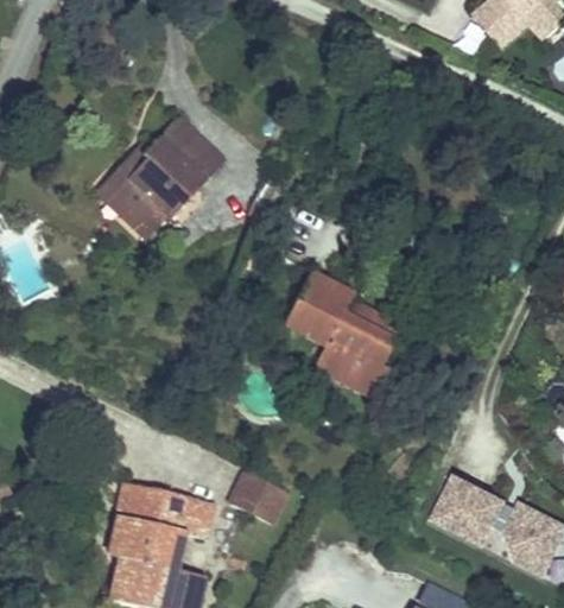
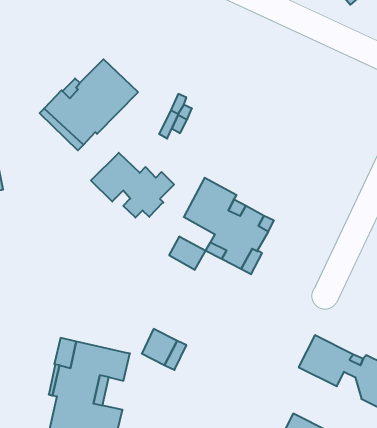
building: none -> [91,153,174,218]
building: none -> [169,236,206,270]

